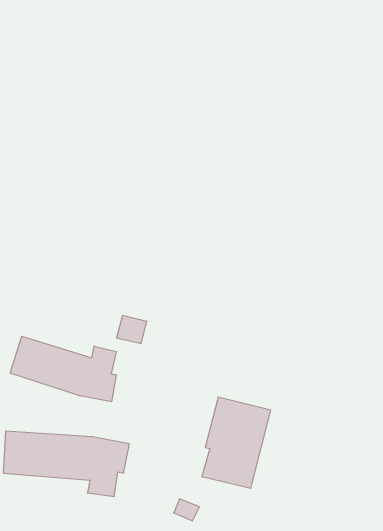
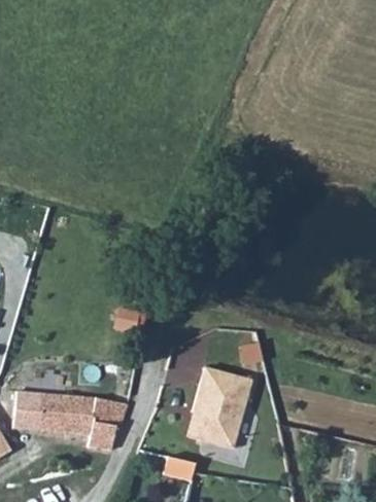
building: [10,336,116,402] -> none

